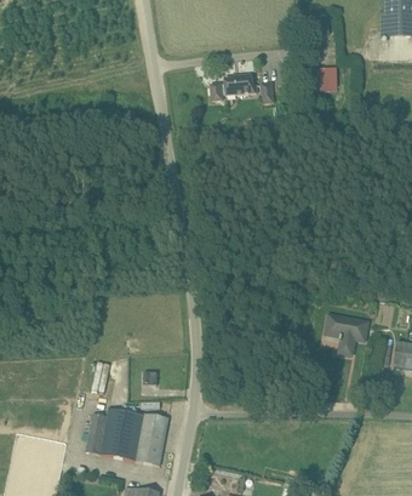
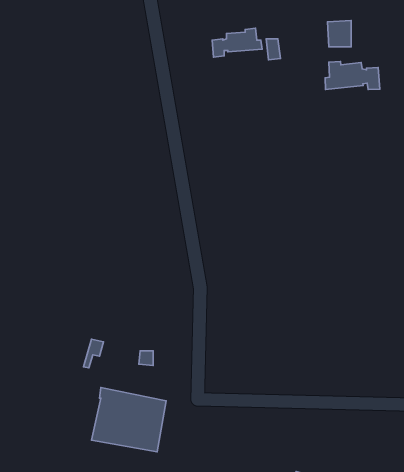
building: none -> [325,61,380,90]
building: [325,314,368,354] -> none

